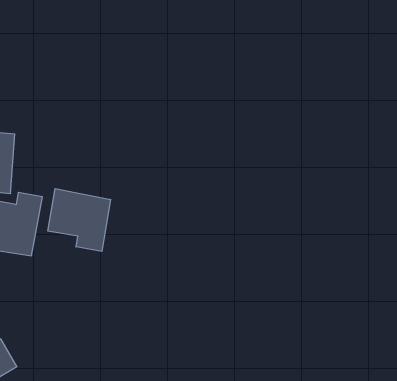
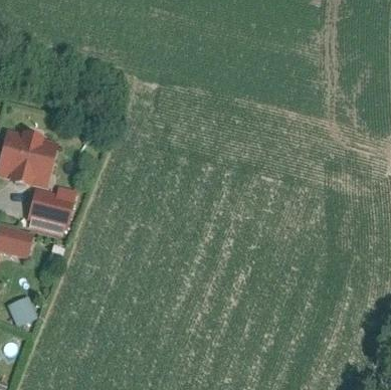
building: [48,189,111,251] -> none

